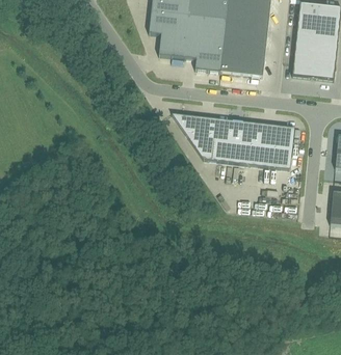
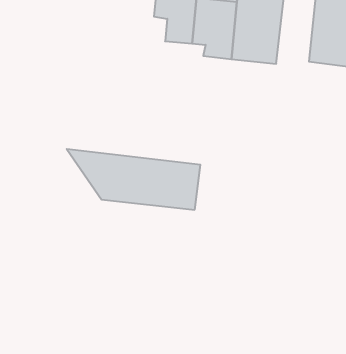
building: [172,112,295,168] -> [67,149,200,210]

